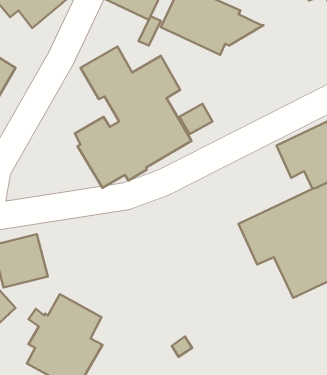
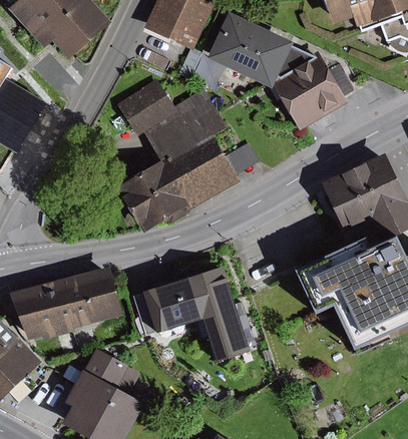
building: none -> [270,51,353,130]
building: none -> [141,265,257,361]
building: none -> [69,271,127,328]

